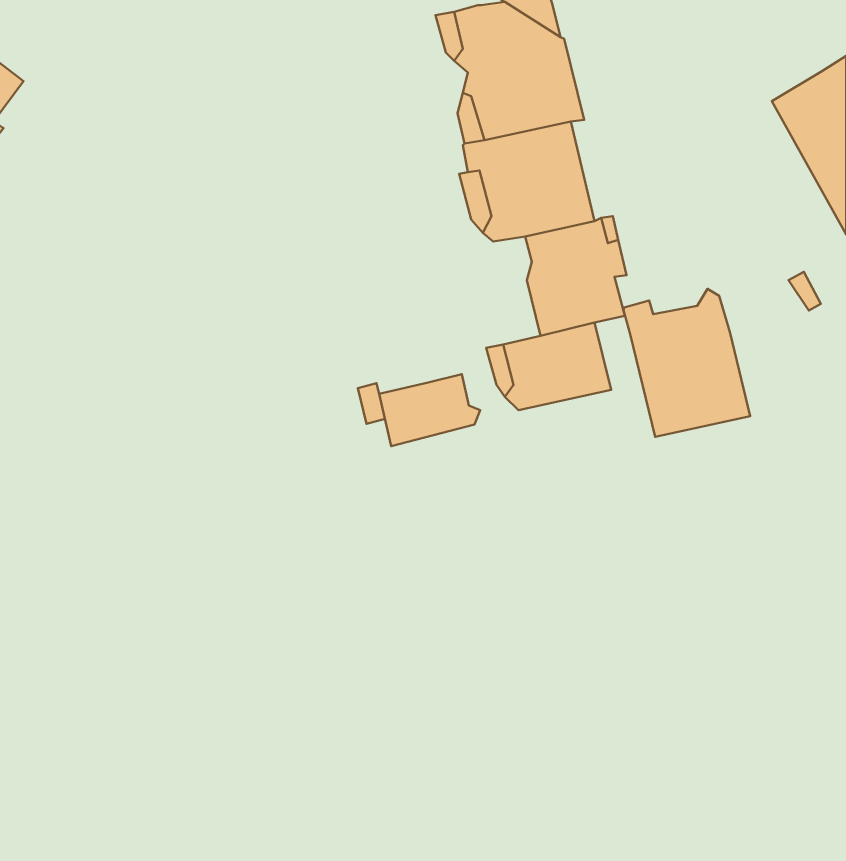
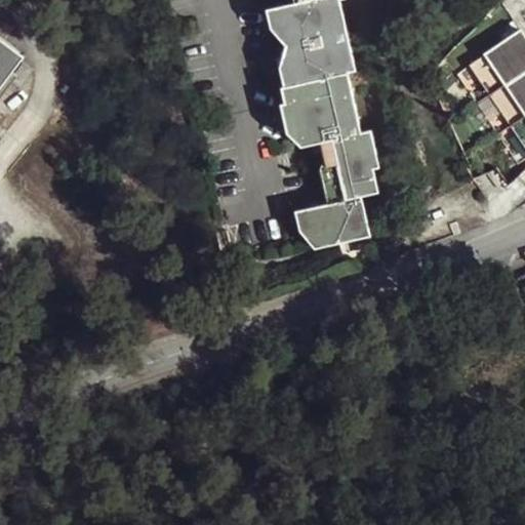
building: [623,289,750,437] -> none
building: [379,374,480,446] -> none

